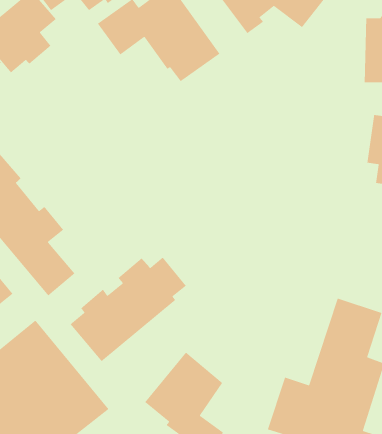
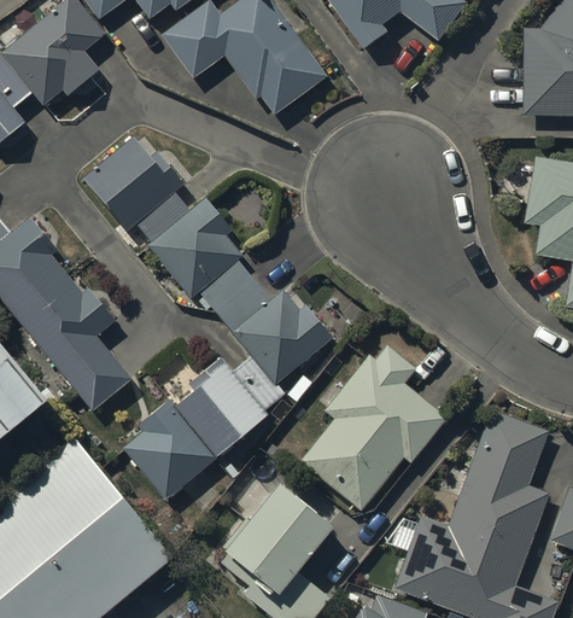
building: none -> [76,130,331,383]
building: none -> [297,346,446,513]

